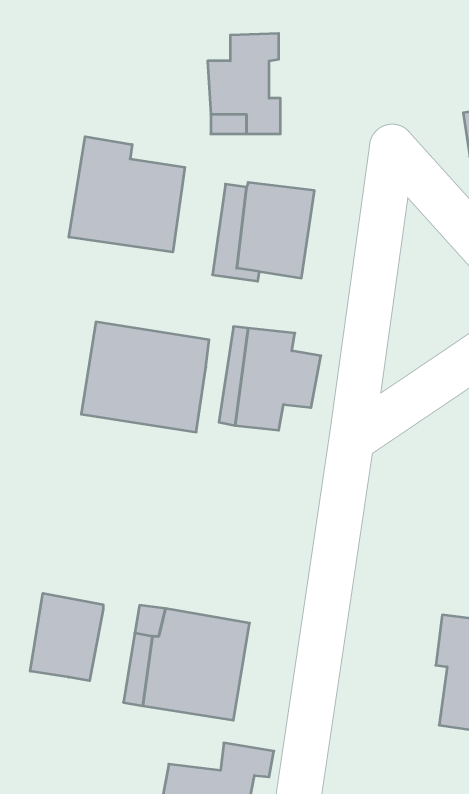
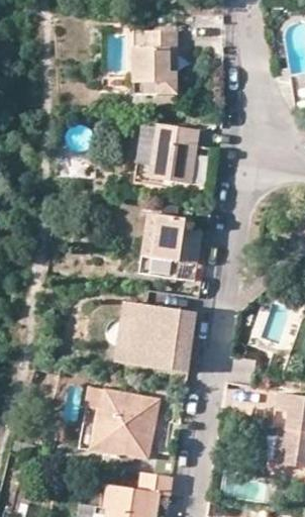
building: [69,137,185,252] -> none
building: [81,322,209,432] -> [117,301,197,370]
building: [30,593,103,681] -> none

